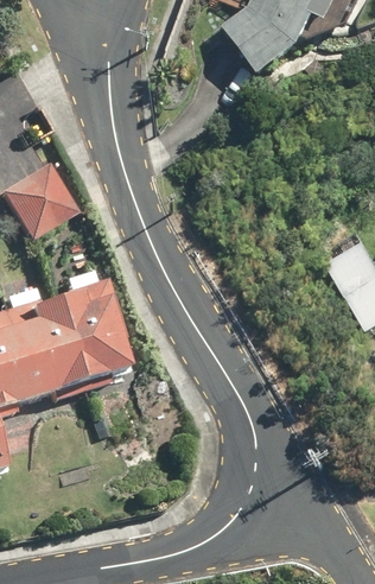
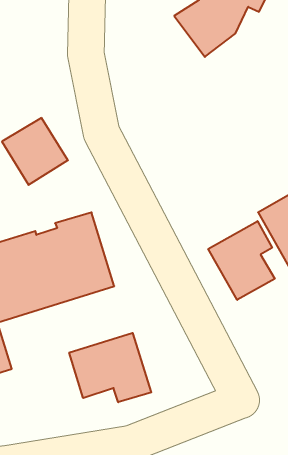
building: none -> [208,221,275,300]
building: none -> [69,333,151,402]

